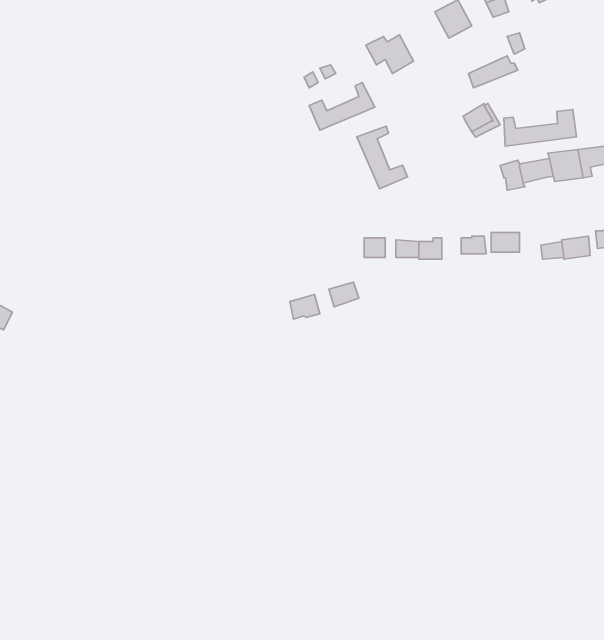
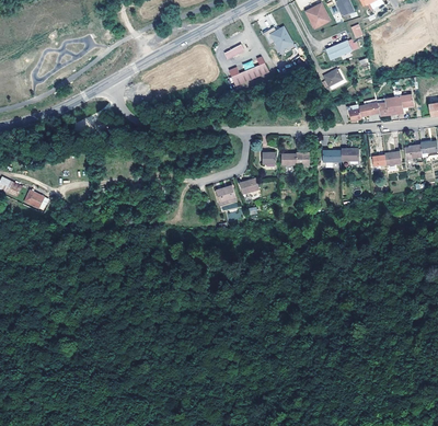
building: [504,110,576,146] -> none
building: [357,126,408,189] -> none

